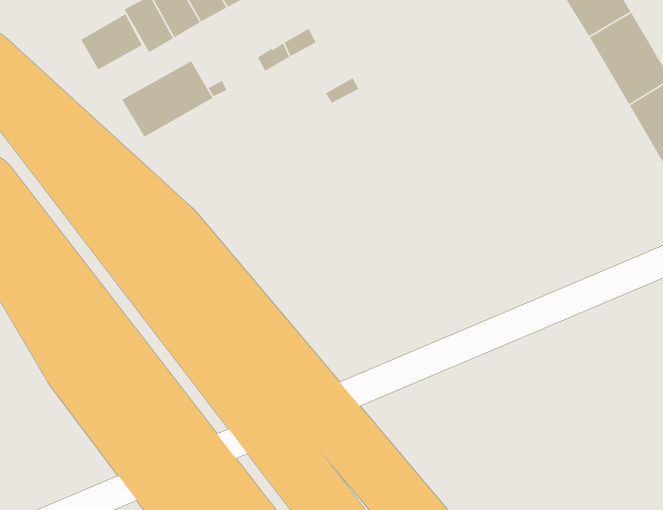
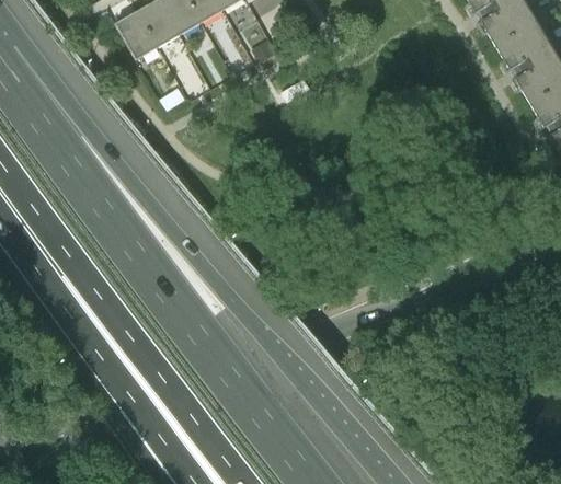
building: [80,13,143,71] -> none
building: [121,60,213,138] -> none

